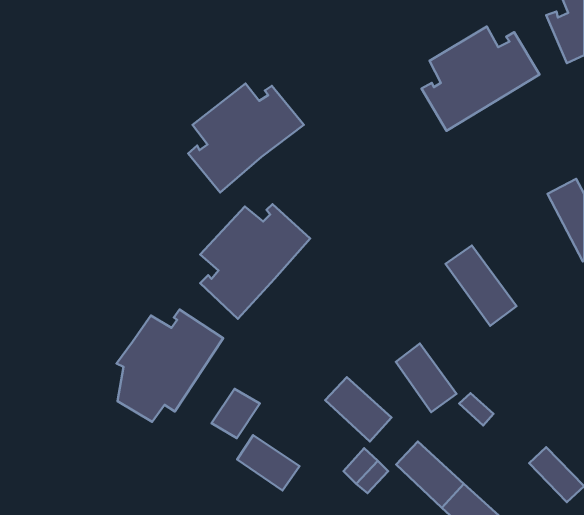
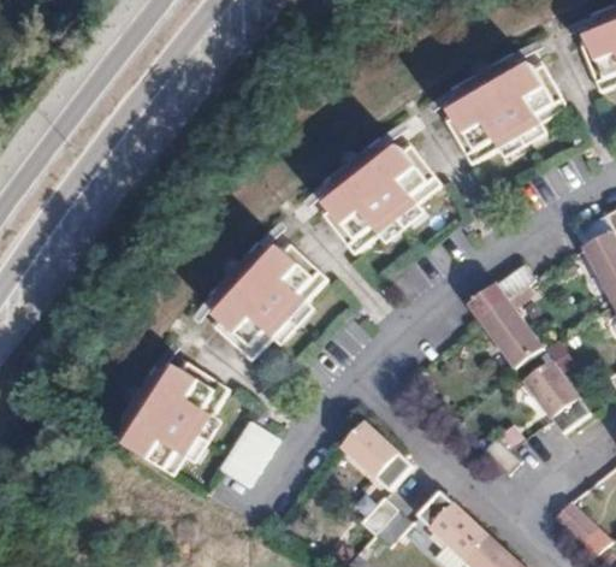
building: [188,84,304,192] -> [318,140,439,254]
building: [396,344,456,412] -> [526,360,590,432]
building: [237,435,299,490] -> none

